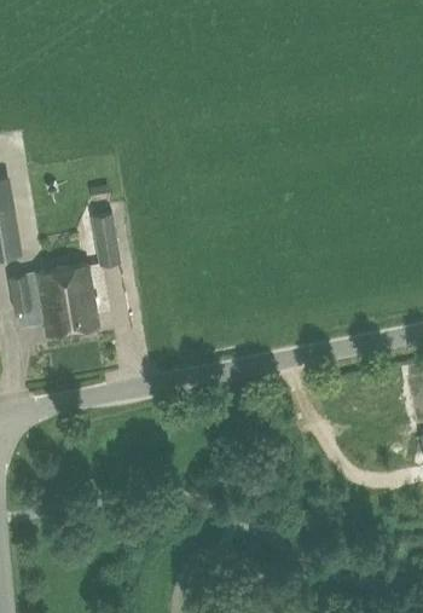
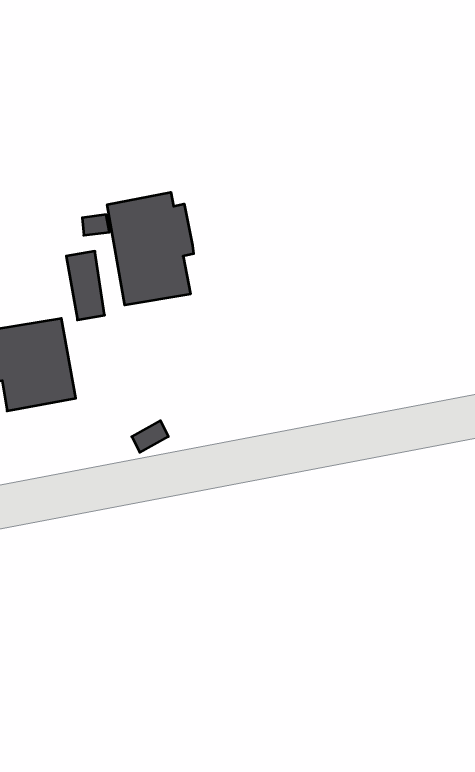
building: none -> [107,192,194,305]

